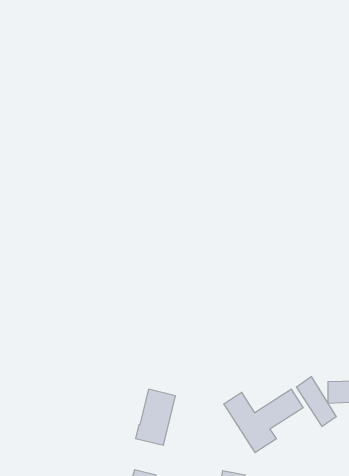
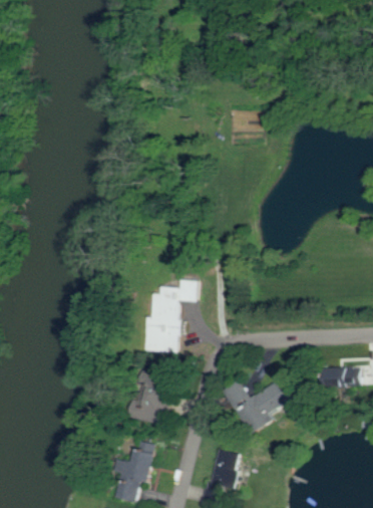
building: none -> [149,280,199,352]
building: [296,377,336,427] -> none

